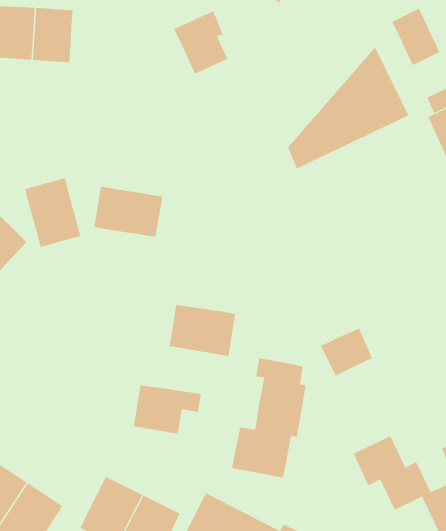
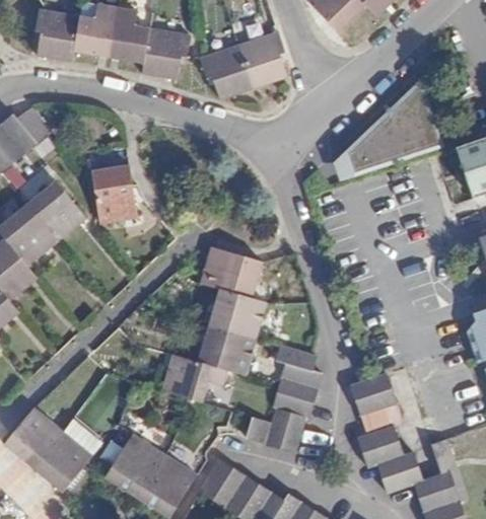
building: [391,8,440,66] -> none
building: none -> [141,26,182,78]
building: none -> [204,43,253,96]
building: [93,186,163,237] -> [201,248,266,299]
building: [320,328,373,376] -> [349,374,395,415]
building: none -> [193,324,256,375]

